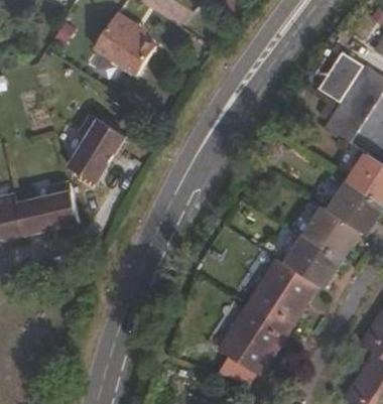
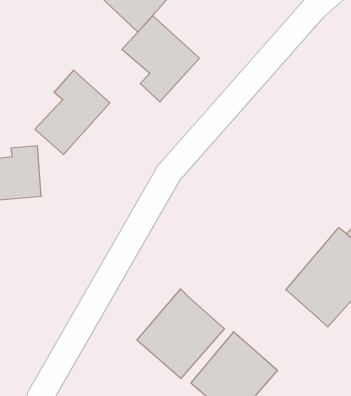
building: none -> [122,16,199,102]
building: [248,259,317,331] -> [137,289,225,379]

